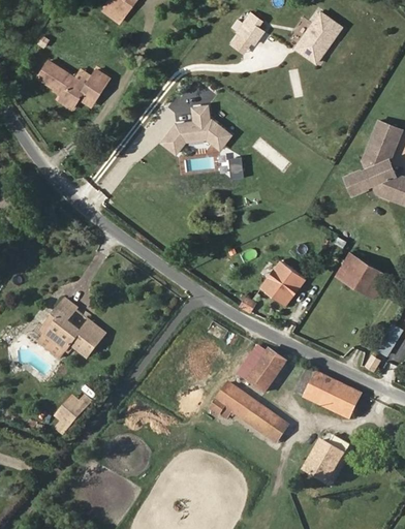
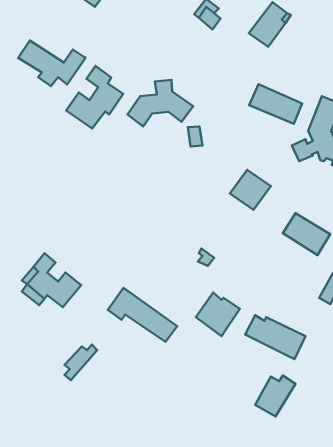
building: none -> [66,66,123,128]
building: none -> [249,84,302,124]
building: [259,260,306,306] -> [230,170,271,210]
building: [210,382,288,443] -> [108,288,177,342]
building: [53,394,90,434] -> [64,345,97,380]

